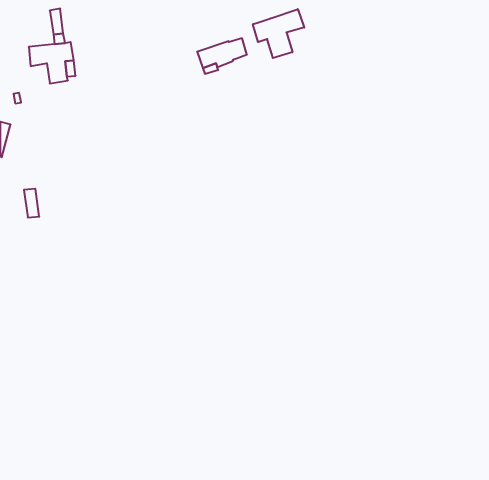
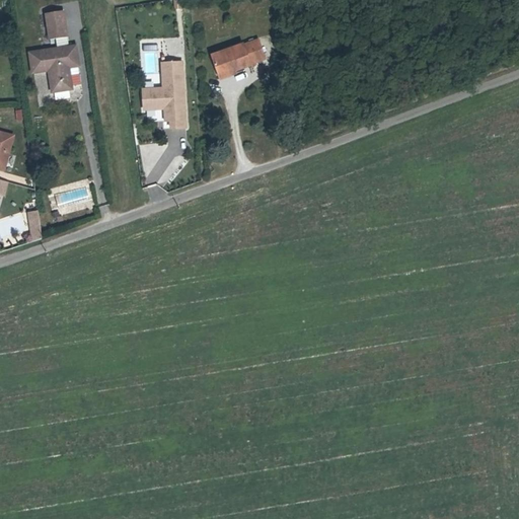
building: [253,9,304,58] -> none
building: none -> [140,63,182,130]

